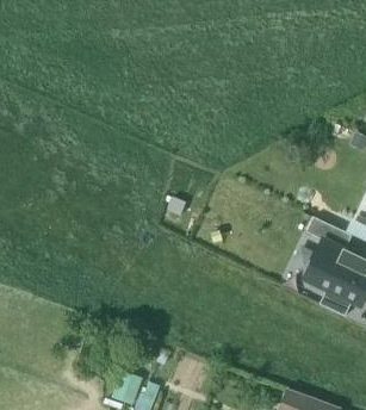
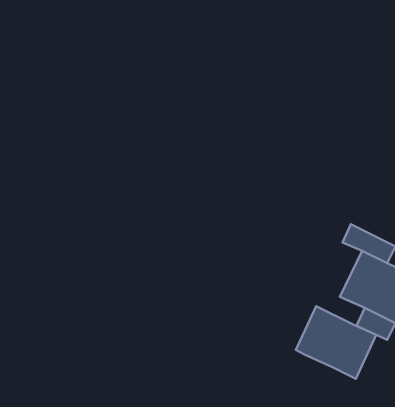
building: none -> [296,306,376,379]

